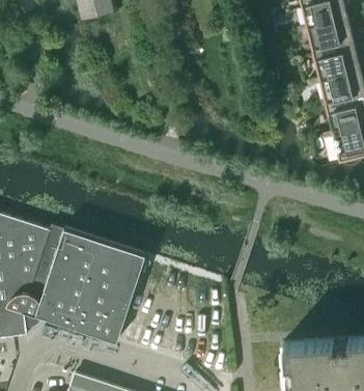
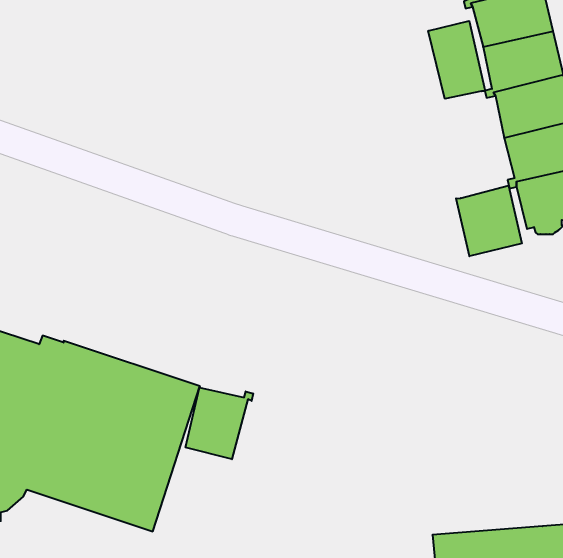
building: none -> [428,21,485,99]
building: none -> [456,185,522,256]
building: none -> [186,387,253,459]

